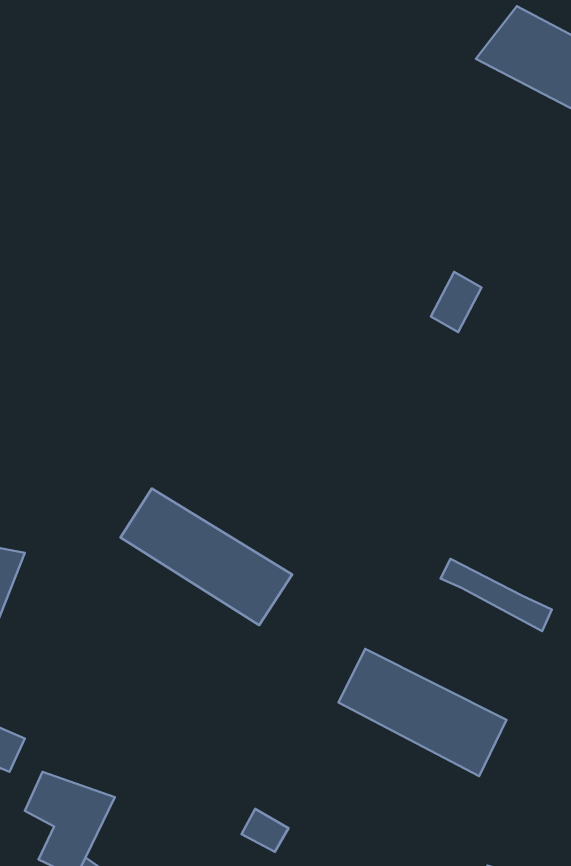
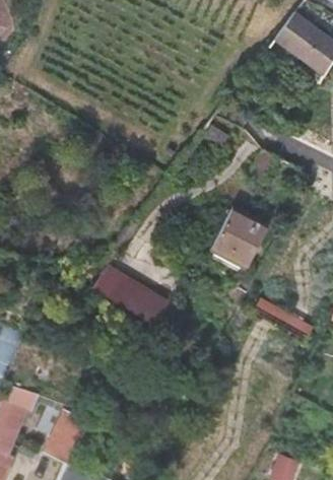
building: none -> [210,208,270,271]
building: [339,649,506,776] -> none

